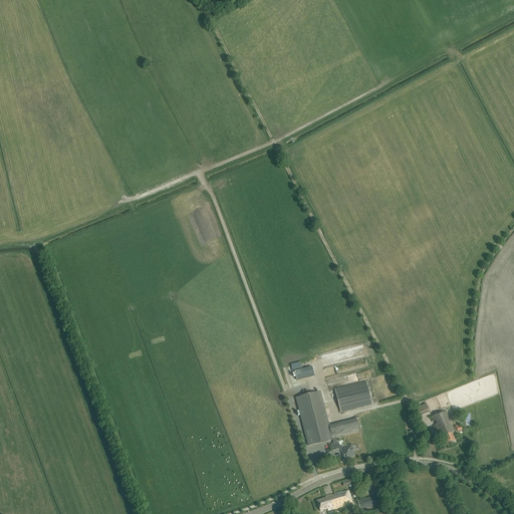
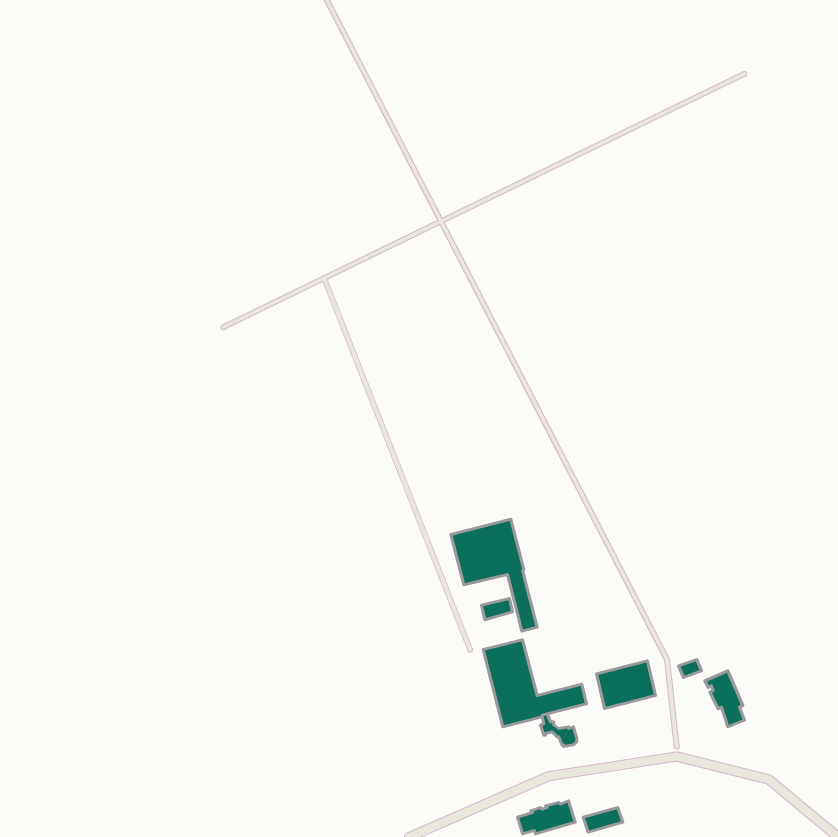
building: none -> [451,519,537,631]
building: [334,380,370,410] -> [596,661,656,708]

